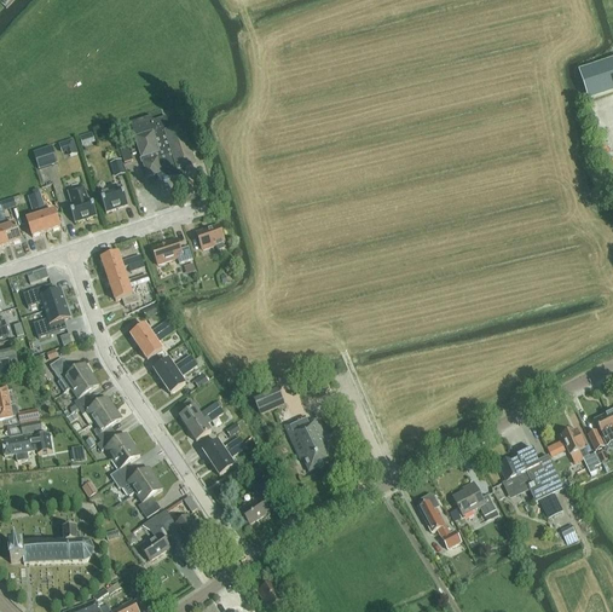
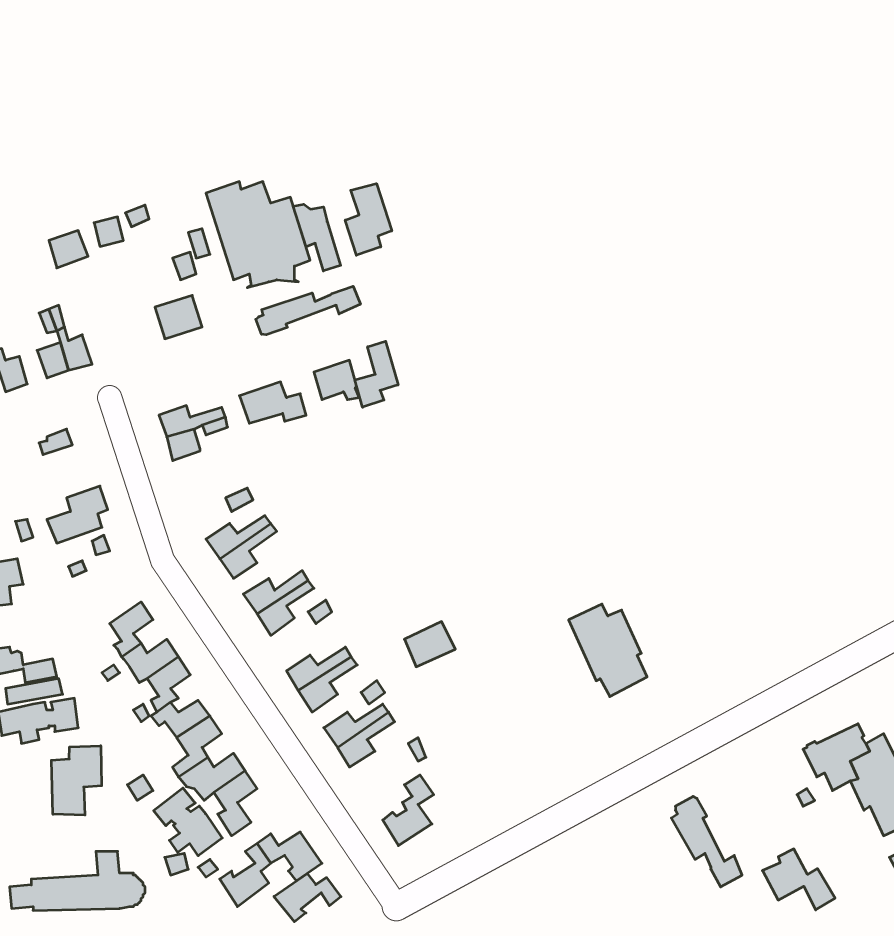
building: none -> [345,184,392,255]
building: none -> [293,204,341,271]
building: none -> [256,286,360,335]
building: [66,184,96,220] -> none
building: none -> [355,341,398,407]
building: [109,271,148,302] -> none
building: [22,281,64,307] -> none
building: [48,354,89,393] -> none
building: [283,412,331,469] -> [569,604,647,697]
building: none -> [51,746,102,815]
building: [452,480,497,518] -> [762,849,835,910]
building: none -> [154,788,222,856]
building: none -> [274,874,341,922]

